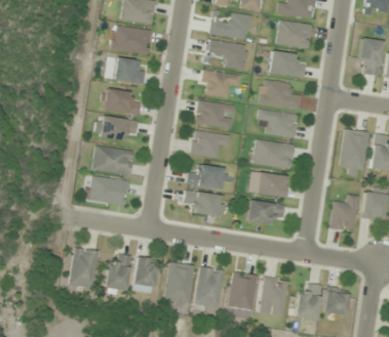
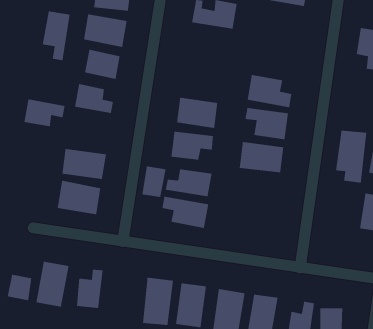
building: [276,18,312,49] -> none
building: none -> [42,10,70,61]
building: [207,39,248,70] -> none
building: [268,50,305,78] -> none
building: [200,69,241,97] -> none
building: [100,115,138,140] -> [23,99,65,127]
building: none -> [142,166,166,198]
building: [257,172,287,198] -> none
building: [332,195,356,229] -> none
building: [245,200,283,223] -> none
building: [134,258,156,291] -> none
building: none -> [7,274,32,301]

